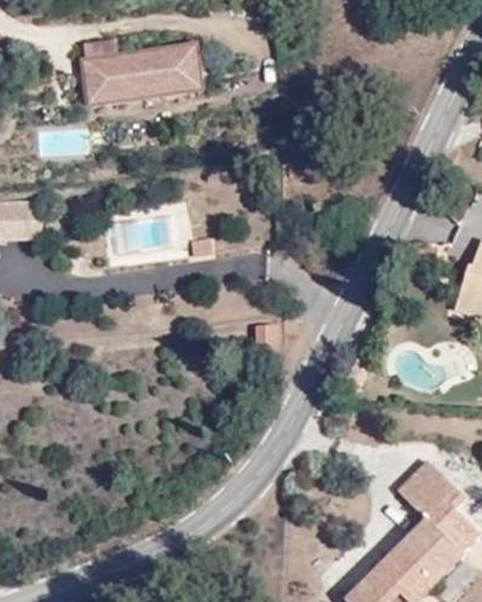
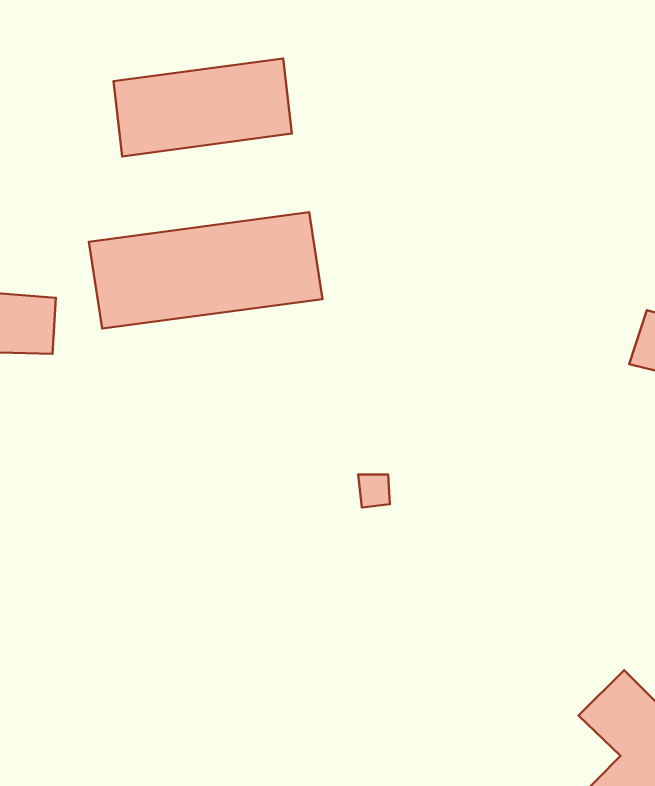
building: none -> [89,212,323,329]

